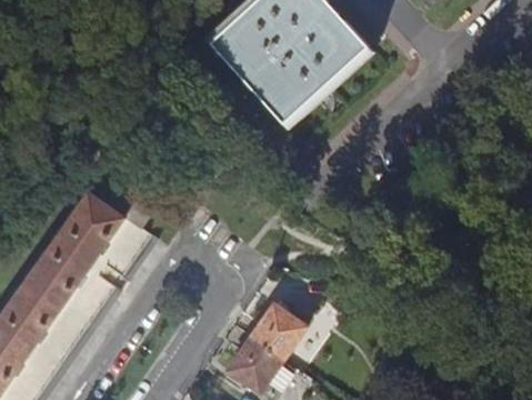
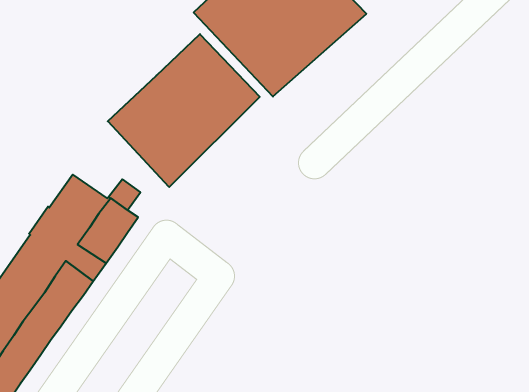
building: none -> [108,34,260,187]
building: [230,303,307,389] -> none

